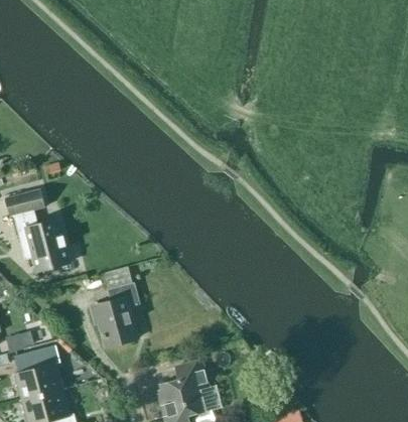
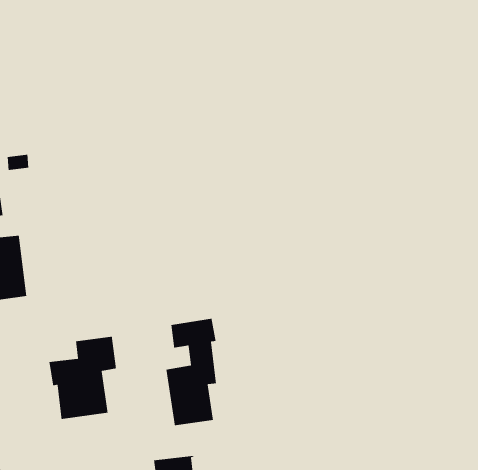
building: none -> [165,318,217,426]

